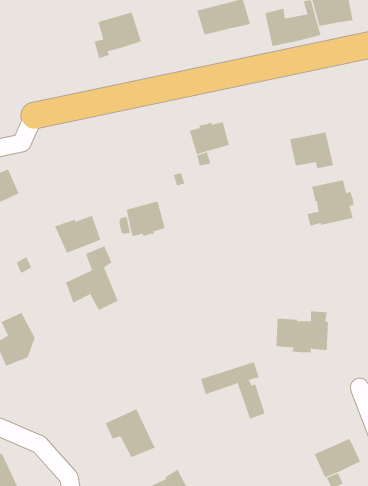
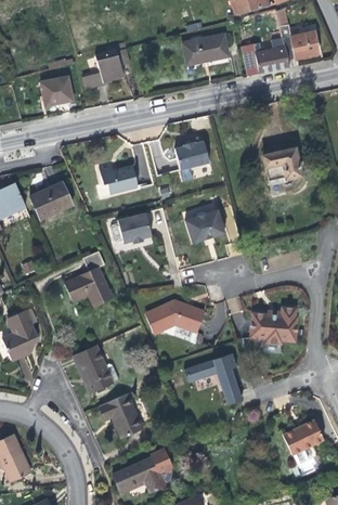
building: none -> [40,78,74,107]
building: none -> [101,165,139,193]
building: [307,179,354,226] -> none
building: none -> [185,208,225,242]
building: [54,215,101,253] -> [29,184,70,218]
building: none -> [146,299,205,332]
building: none -> [75,346,123,397]

